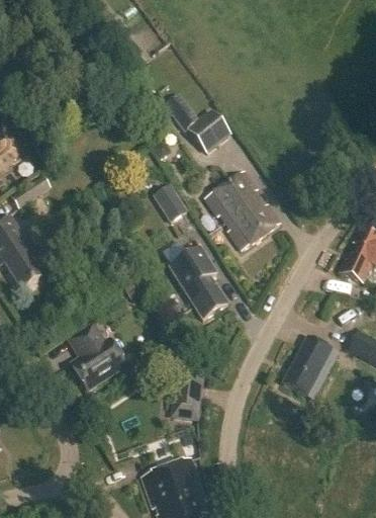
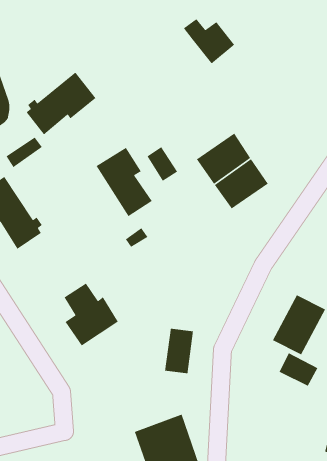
building: [177,104,230,152] -> [183,18,235,65]
building: none -> [26,71,96,135]
building: [170,247,228,319] -> [96,147,153,217]
building: none -> [278,352,318,387]

